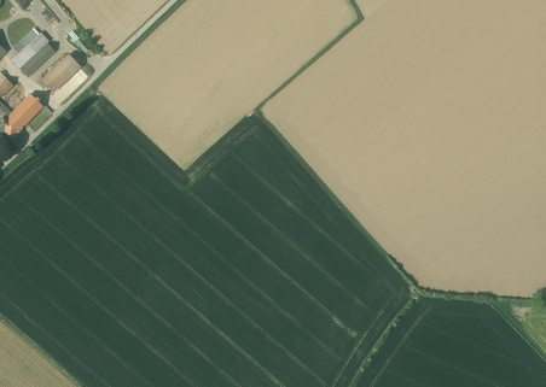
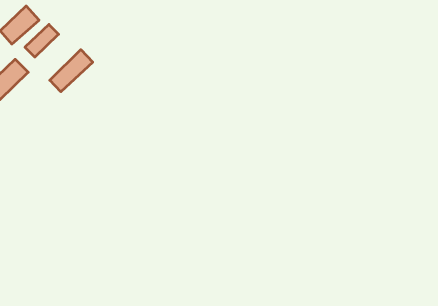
building: none -> [50,50,93,92]

